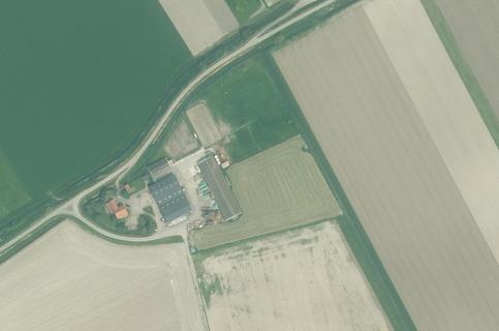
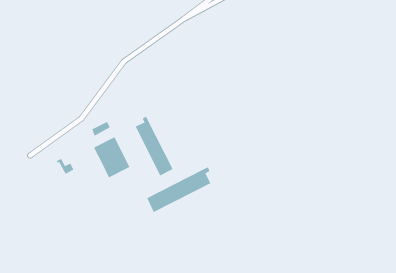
building: none -> [146,166,211,213]

